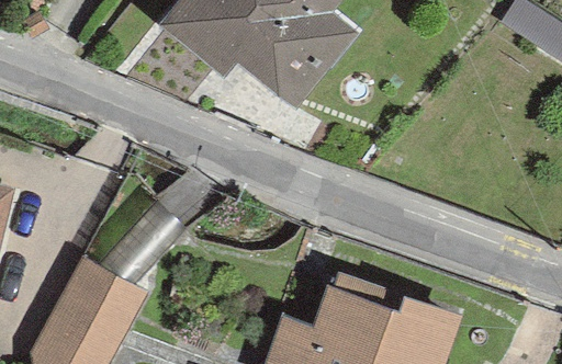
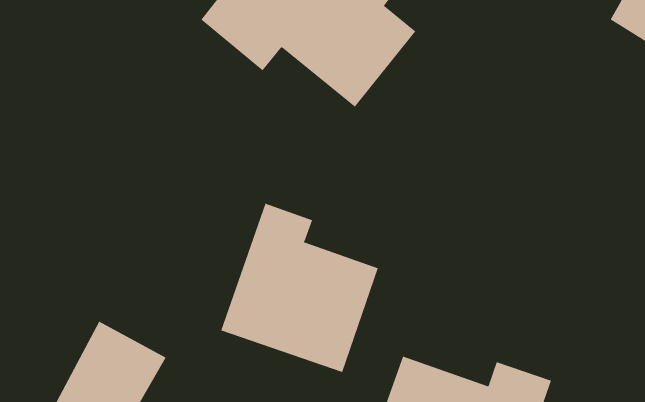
building: none -> [220,203,378,373]

